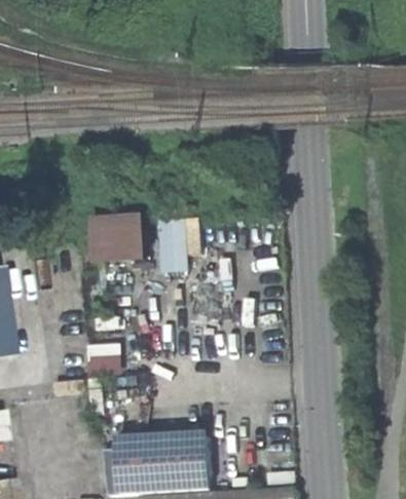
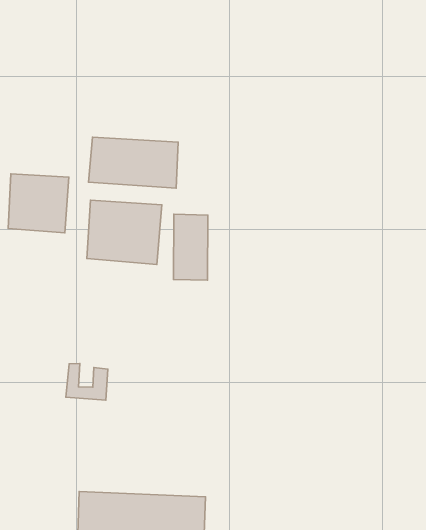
building: none -> [89,137,178,188]
building: none -> [8,174,69,233]

